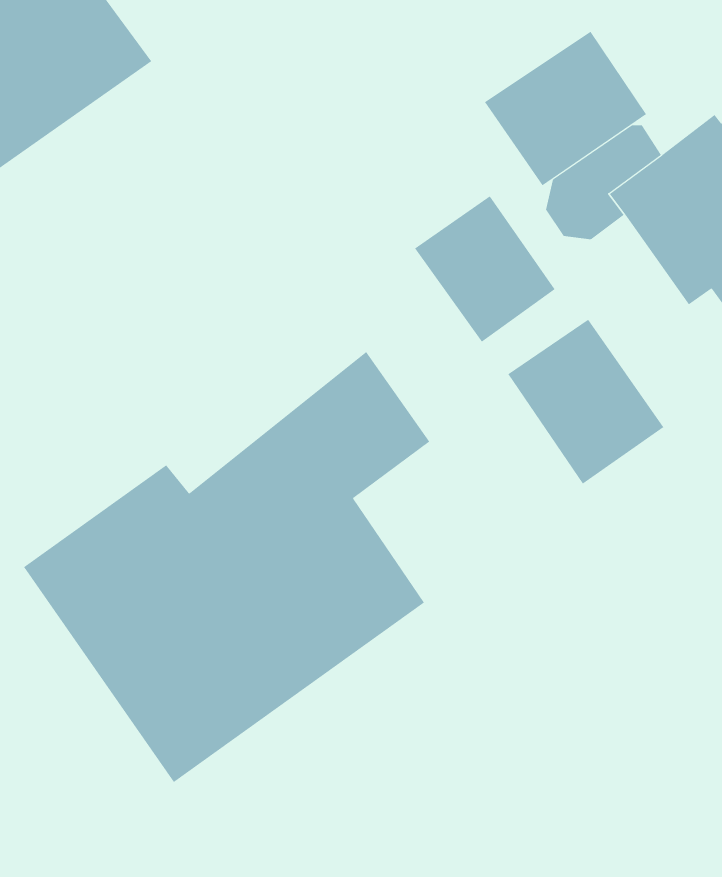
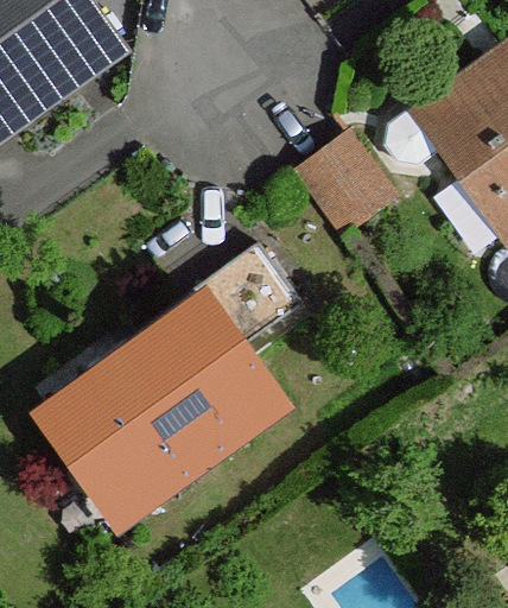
building: [484,31,647,186] -> none
building: [507,319,664,485] -> none

